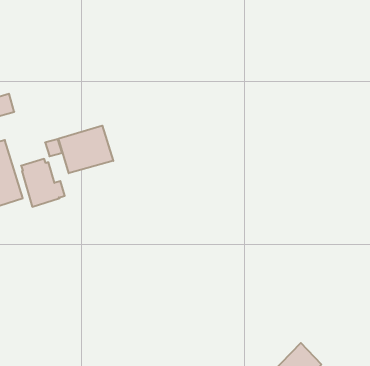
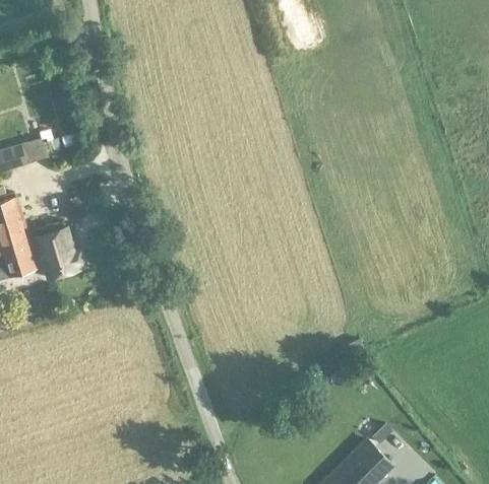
building: [58,126,113,173] -> none

